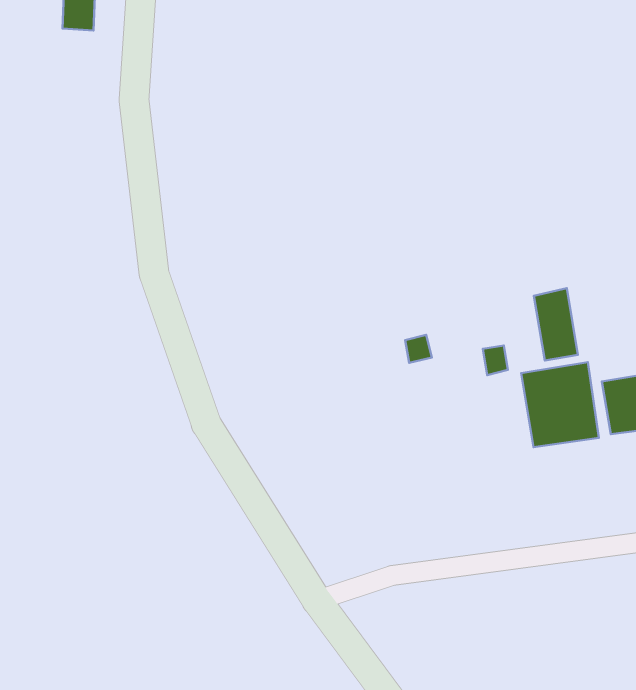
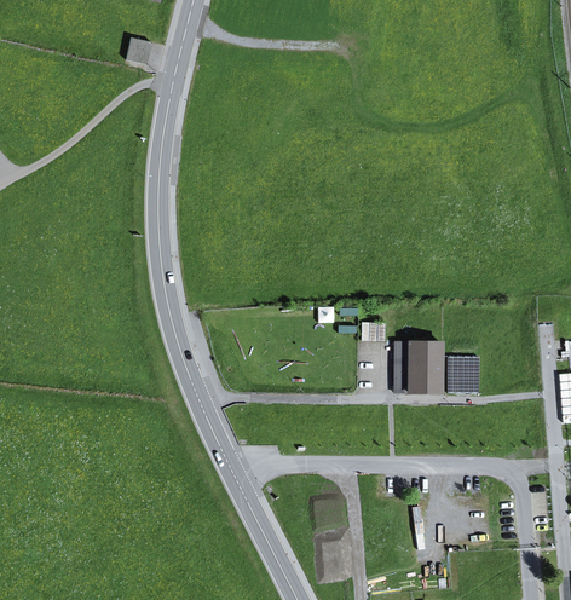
building: [534,288,578,360] -> none

